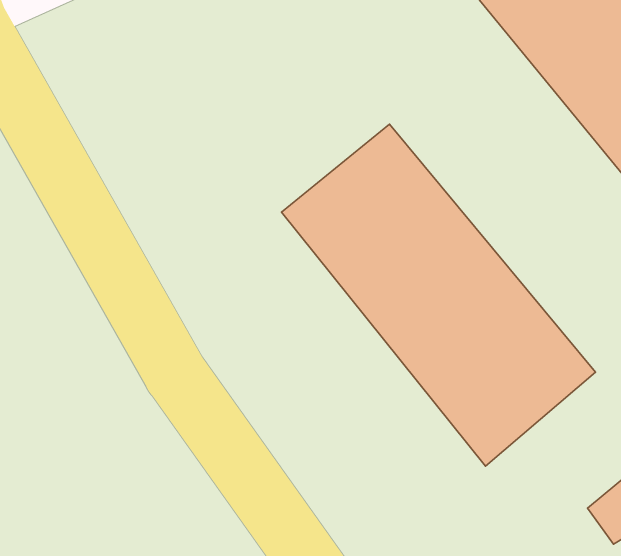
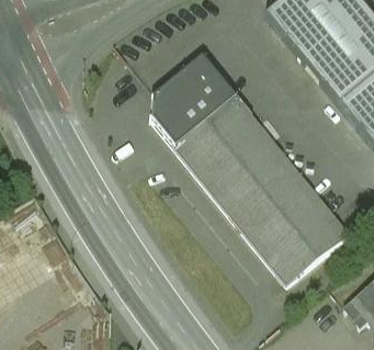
building: none -> [149,56,235,146]

